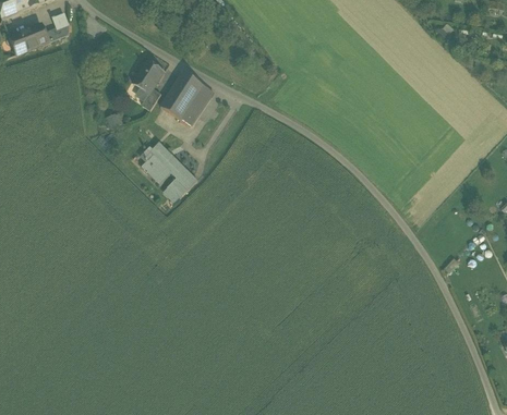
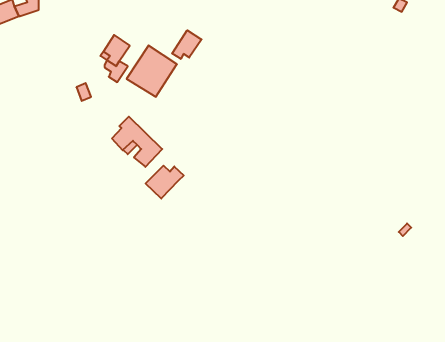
building: none -> [172,30,202,59]
building: none -> [146,166,184,199]

